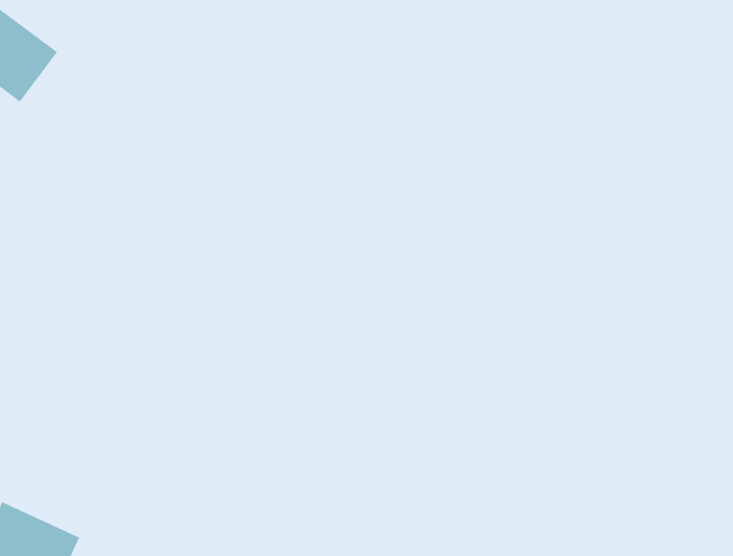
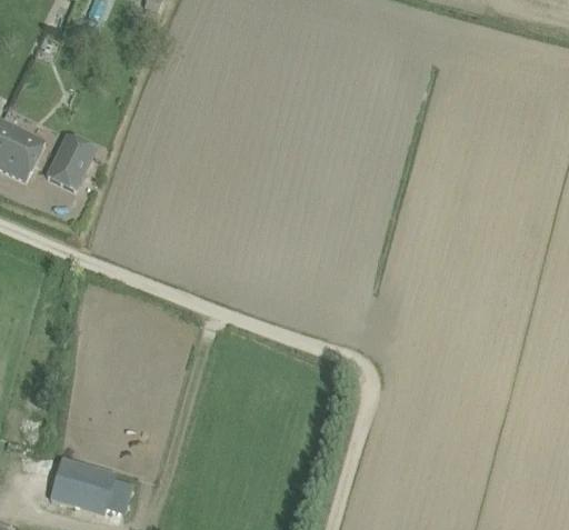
building: none -> [47,132,96,188]

